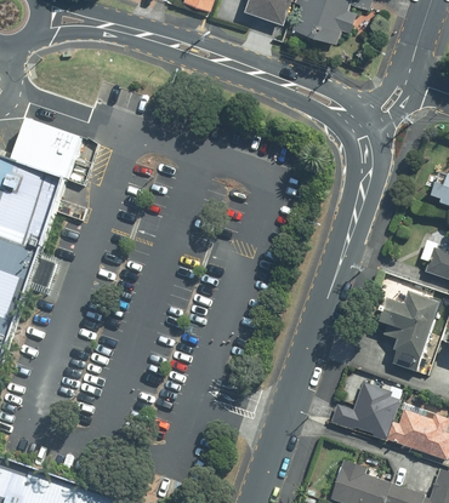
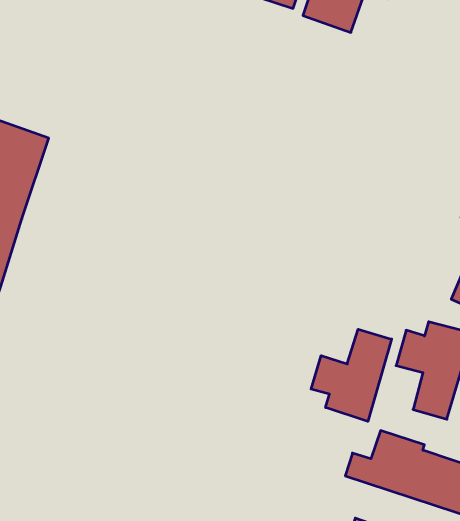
building: none -> [311,329,392,421]

